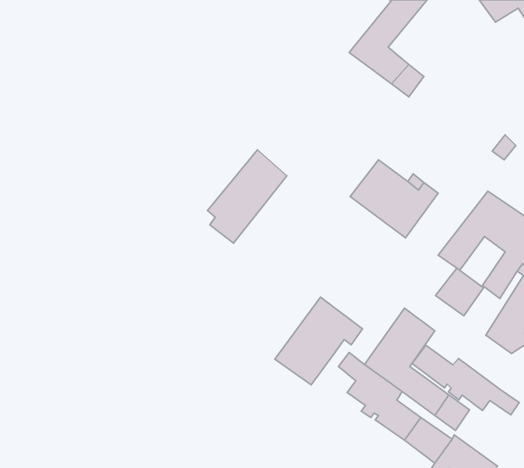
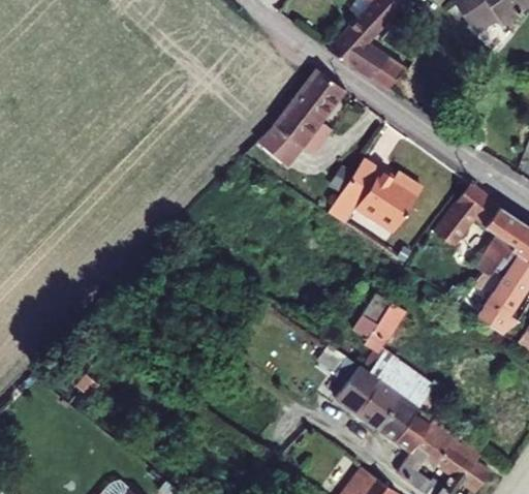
building: [208,150,287,243] -> [272,67,347,156]
building: [436,268,483,316] -> none
building: [275,297,363,385] -> none
building: [412,345,519,415] -> none

